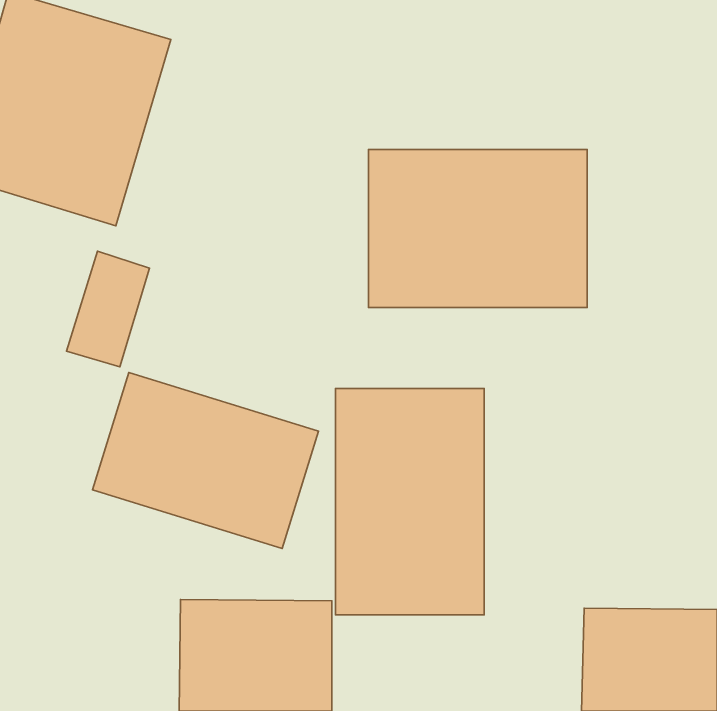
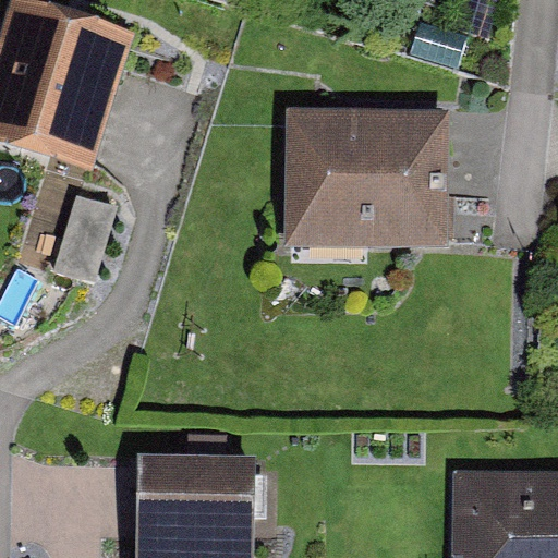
building: [93,372,318,548] -> none
building: [335,388,484,615] -> none

